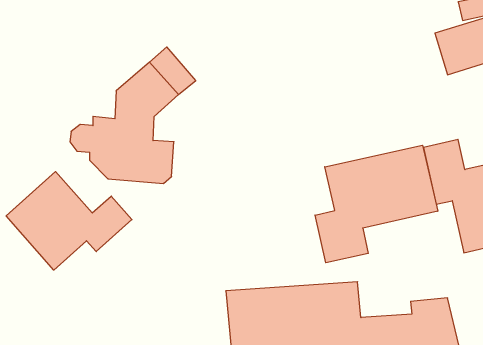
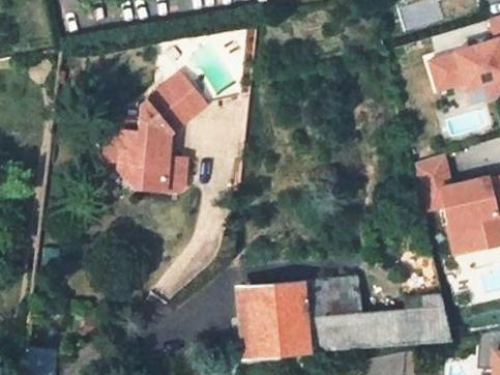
building: [315,145,438,263] -> none
building: [6,172,132,270] -> none

